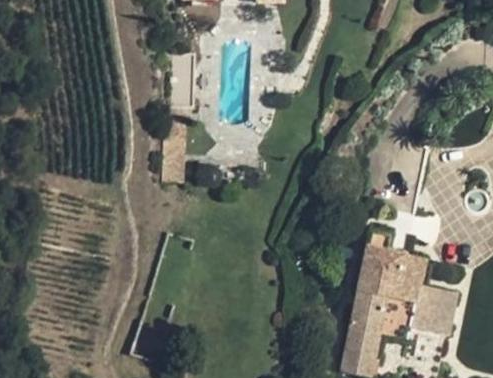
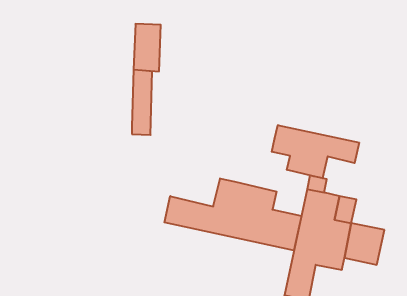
building: none -> [272,125,359,178]
building: none -> [164,178,301,250]

